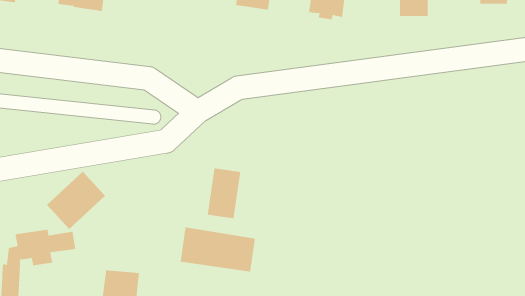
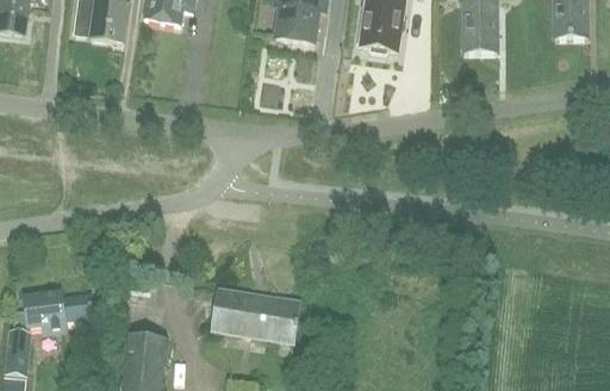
building: [207,167,241,219] -> none
building: [46,171,106,230] -> none

